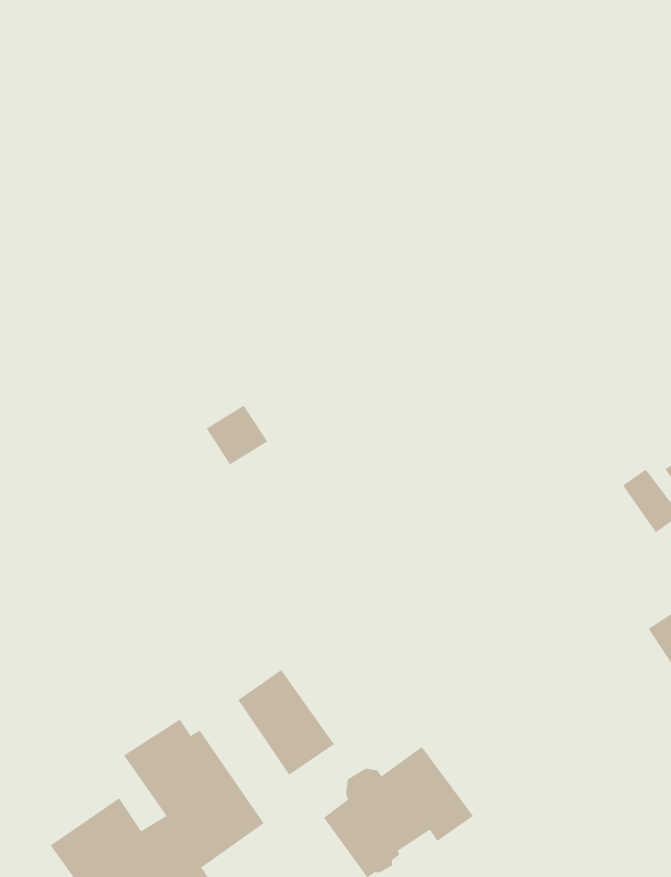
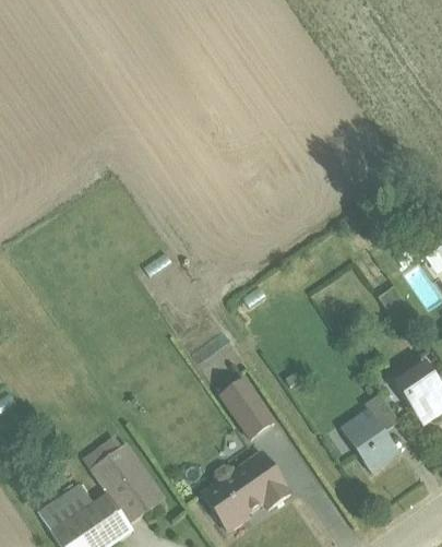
building: none -> [341,394,399,473]
building: [238,669,335,776] -> [219,377,277,440]

